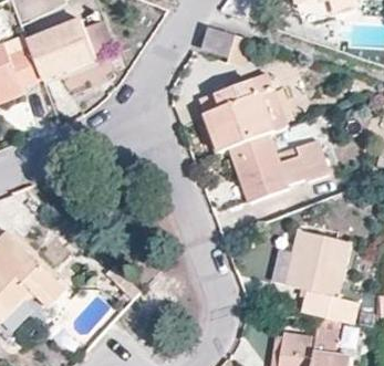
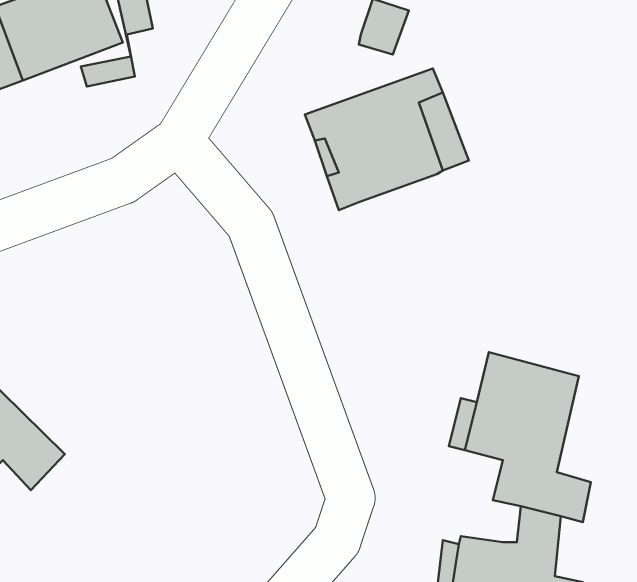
building: [228,133,331,202] -> none

